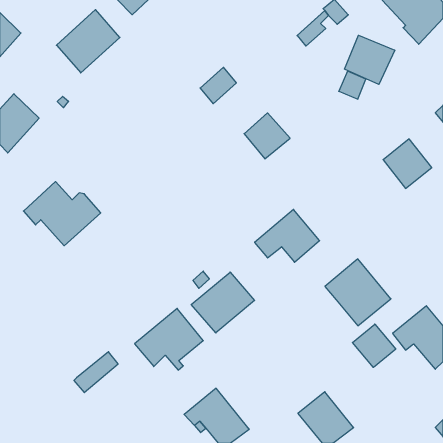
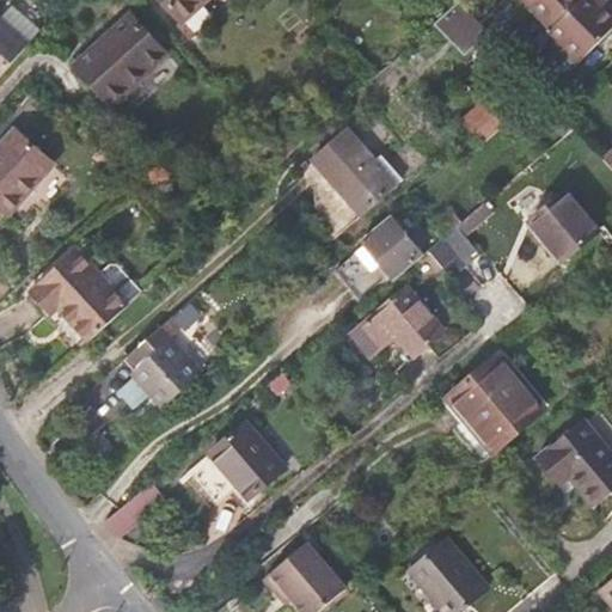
building: [345,35,395,84] -> none
building: [200,67,236,104] -> [318,134,368,184]
building: none -> [427,203,490,279]
building: none -> [363,219,422,279]
building: none -> [115,325,202,408]
building: [191,272,255,333] -> none
building: [352,324,396,367] -> none

